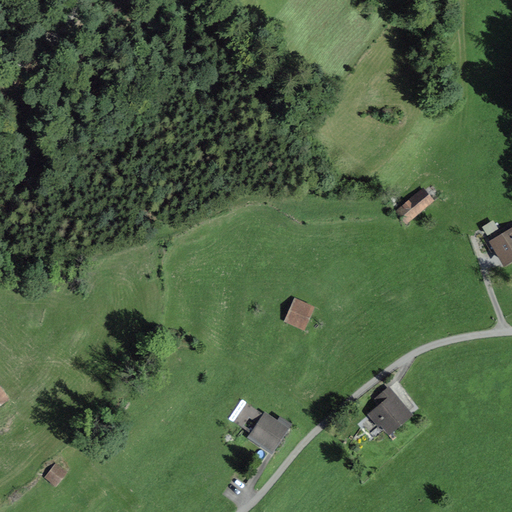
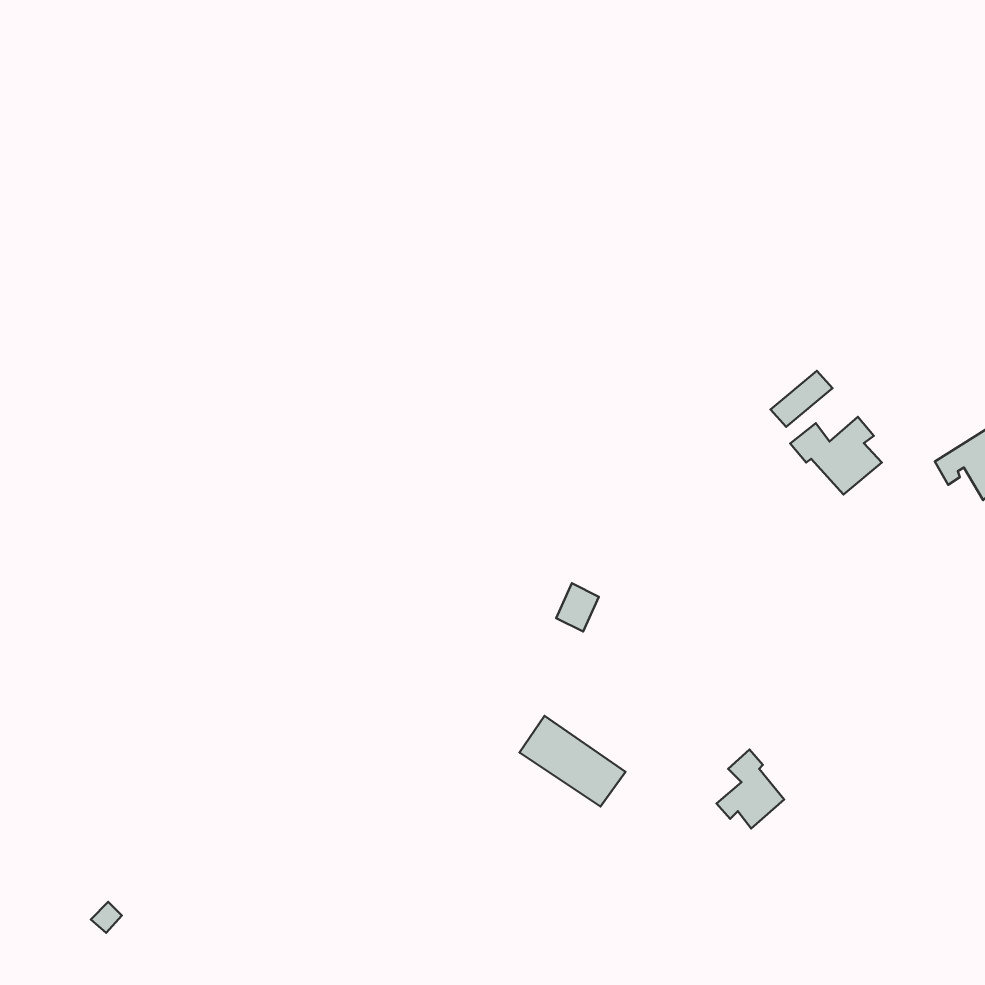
building: none -> [790,417,882,495]
building: [230,401,285,448] -> [519,716,626,806]

